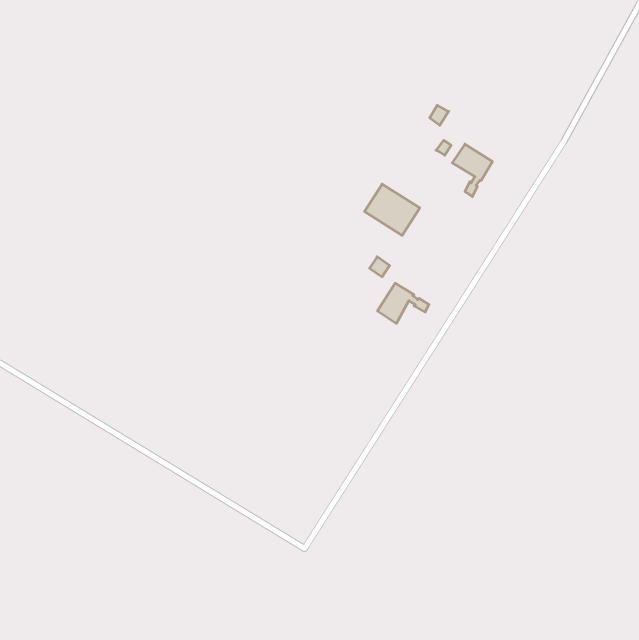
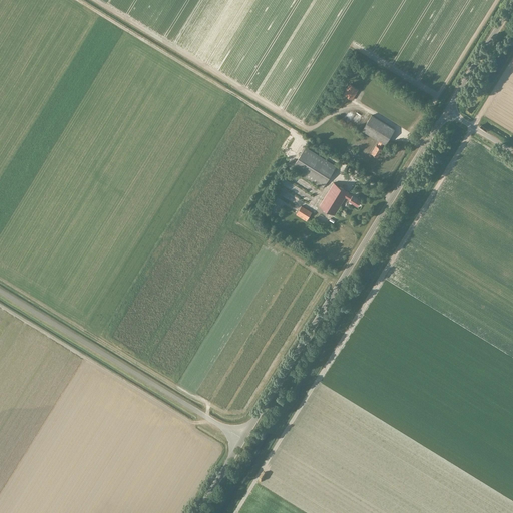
building: [378,283,429,323] -> [321,183,362,215]

